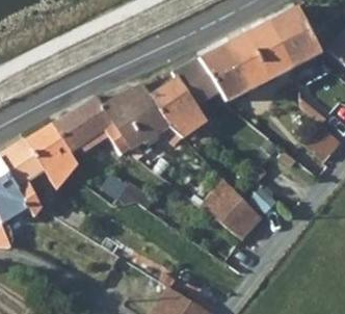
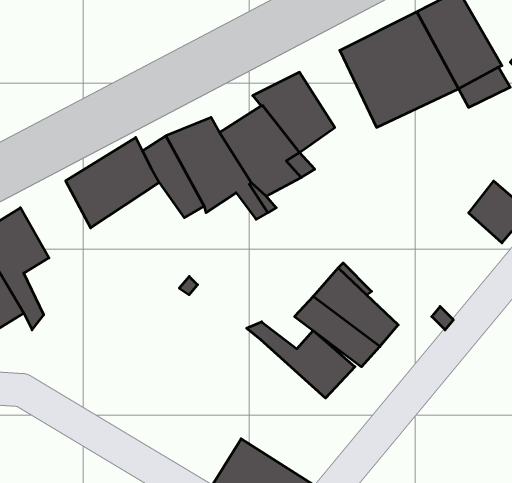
building: [200,43,247,102] -> none
building: [26,124,76,189] -> none
building: none -> [247,322,355,398]

